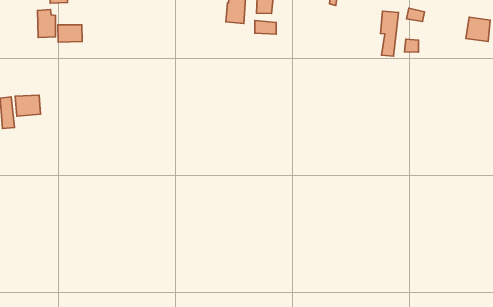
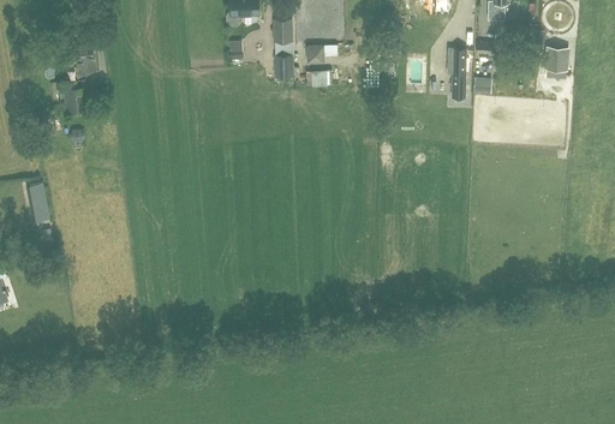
building: [58,25,82,42] -> none
building: [15,95,41,116] -> none

